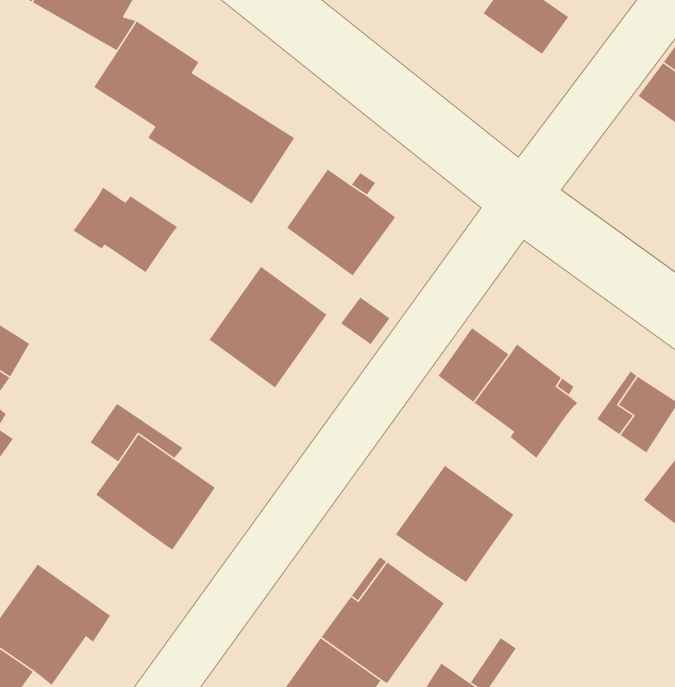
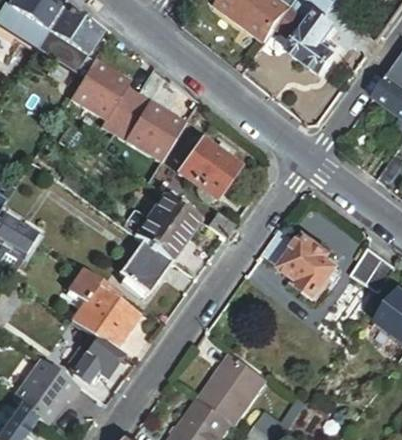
building: [72,187,178,273] -> none
building: none -> [120,239,172,293]
building: [395,465,515,583] -> none
building: none -> [70,338,123,382]

